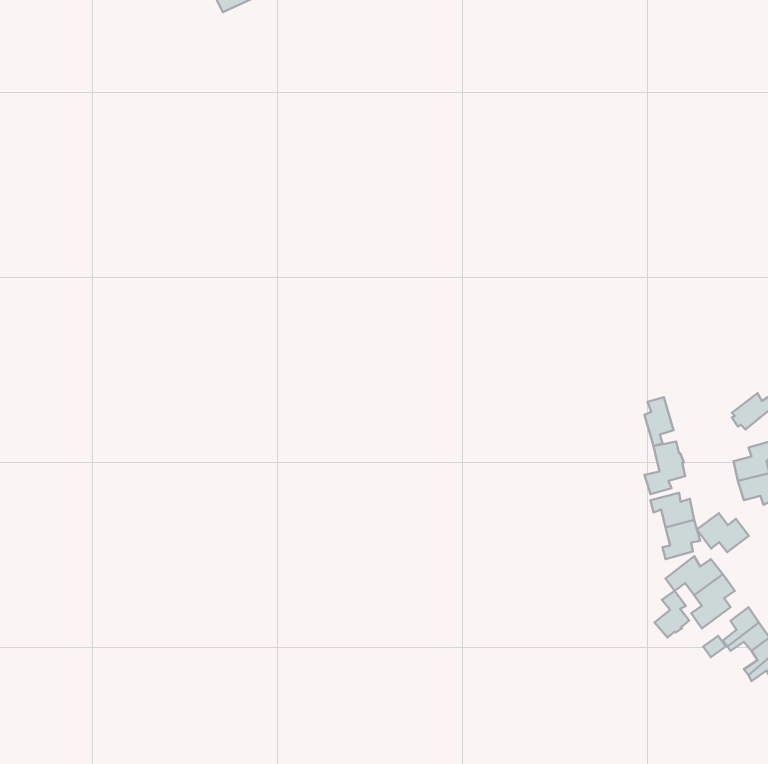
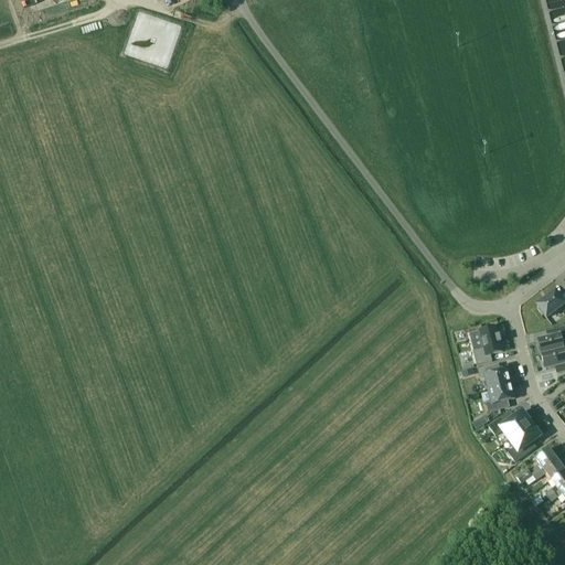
building: [645,397,673,446] -> none
building: [697,513,749,552] -> none
building: [655,591,689,638] -> none

